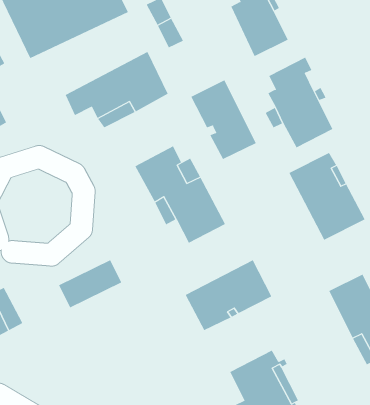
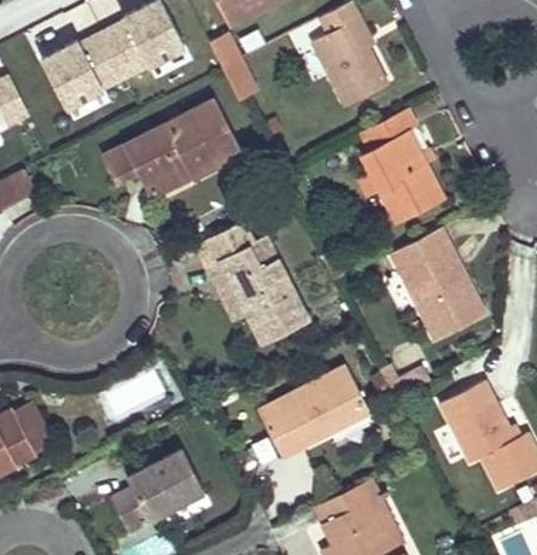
building: [190,79,257,160] -> none
building: none -> [111,450,204,530]

